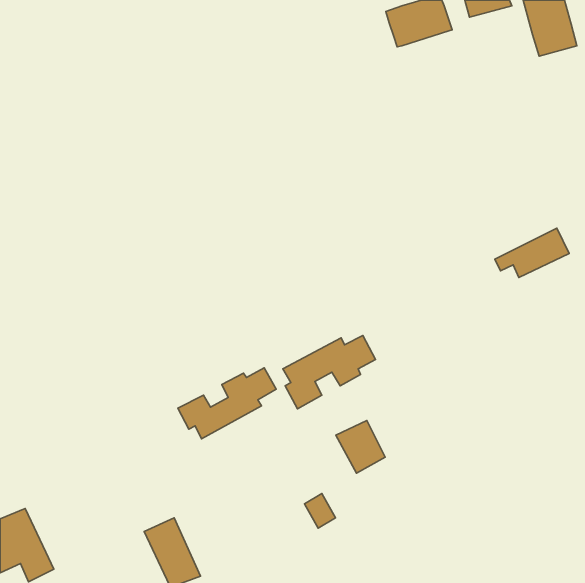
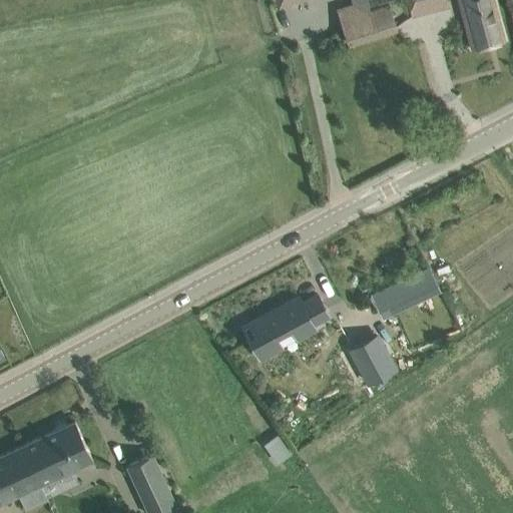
building: [495,228,569,278] -> [374,270,439,313]
building: [178,368,276,439] -> none
building: [336,420,385,473] -> [351,340,394,386]
building: none -> [22,422,92,485]

